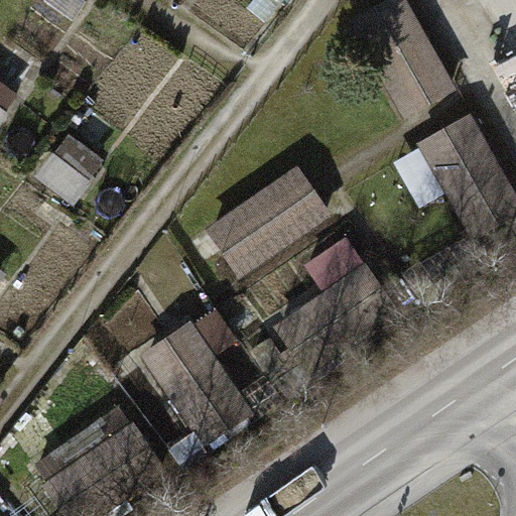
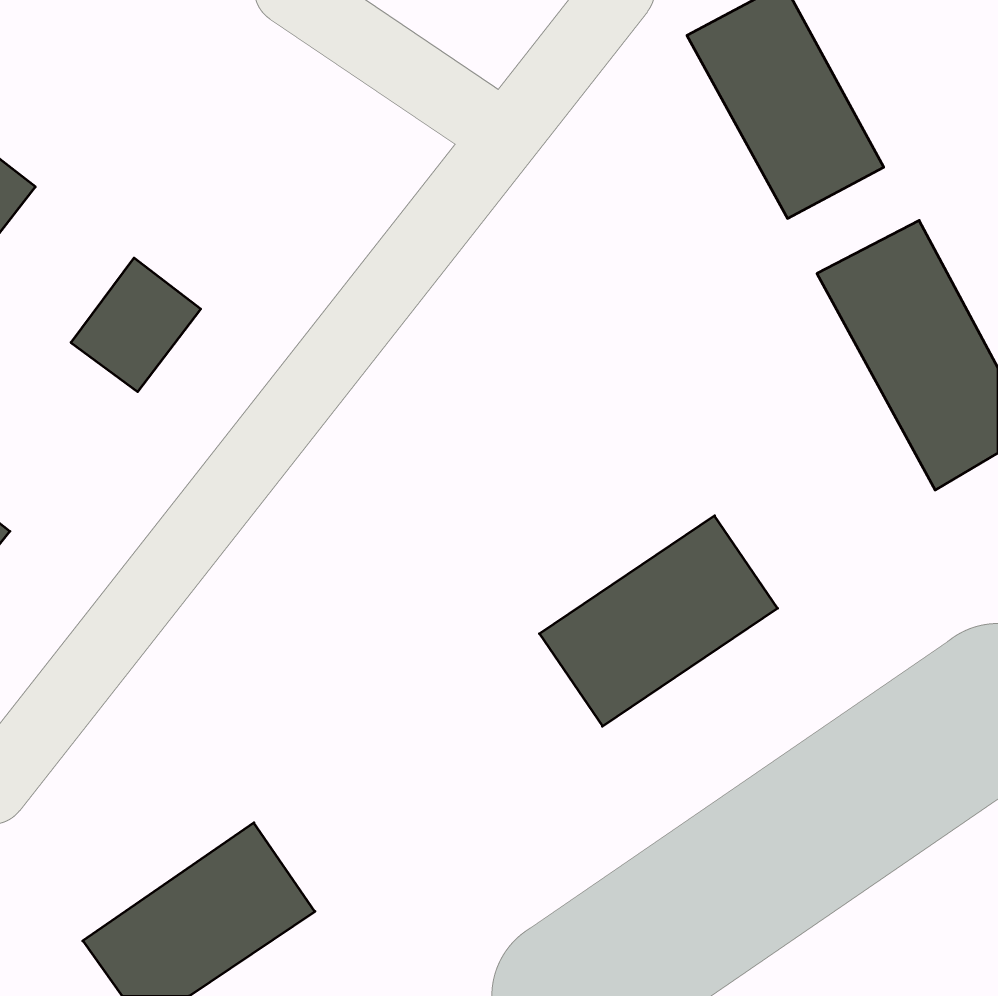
building: [207,165,330,275] -> none
building: [141,320,252,443] -> none

